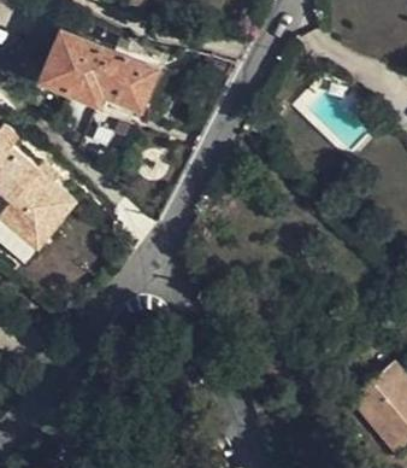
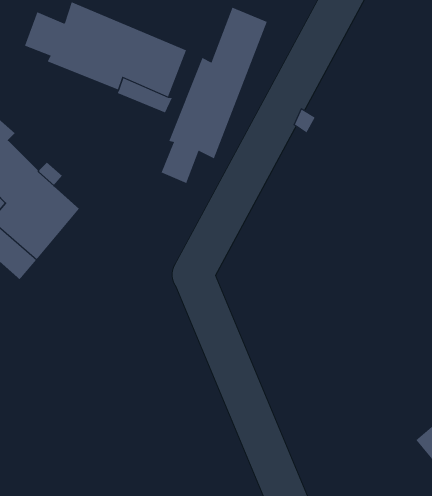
building: none -> [161,7,268,184]

